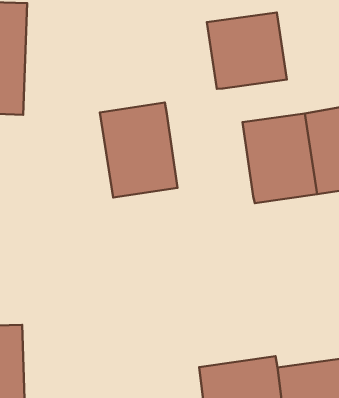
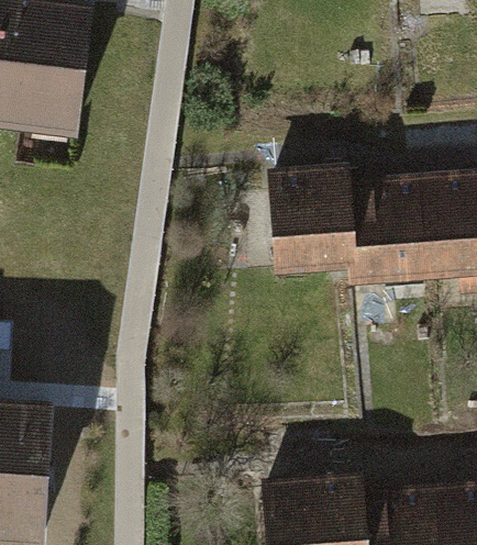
building: [207,12,287,89] -> none
building: [100,102,177,198] -> [260,166,348,278]

